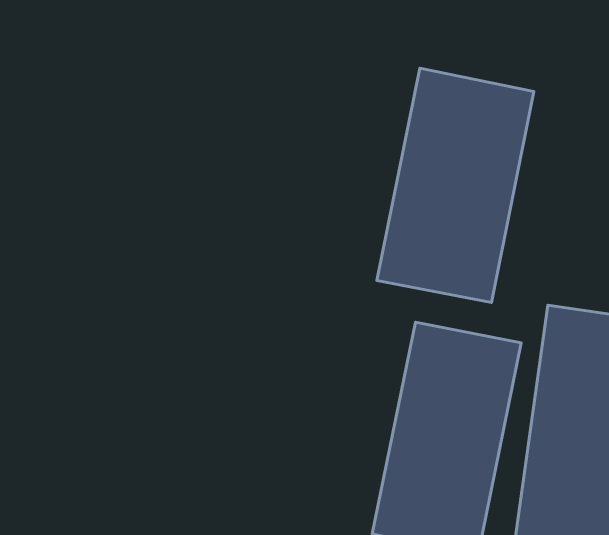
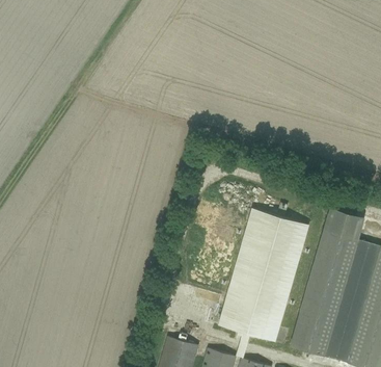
building: [377,68,534,303] -> none

